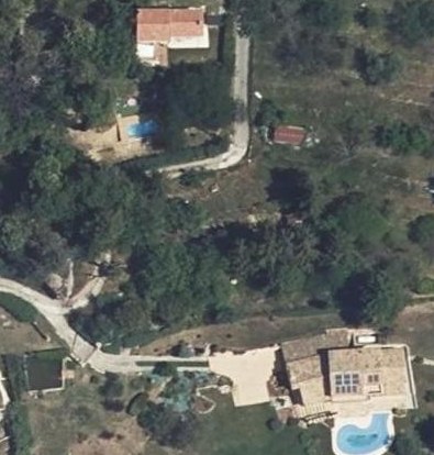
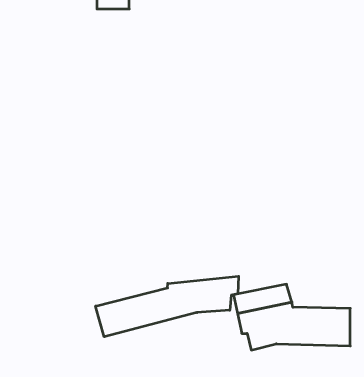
building: none -> [96,276,239,337]

